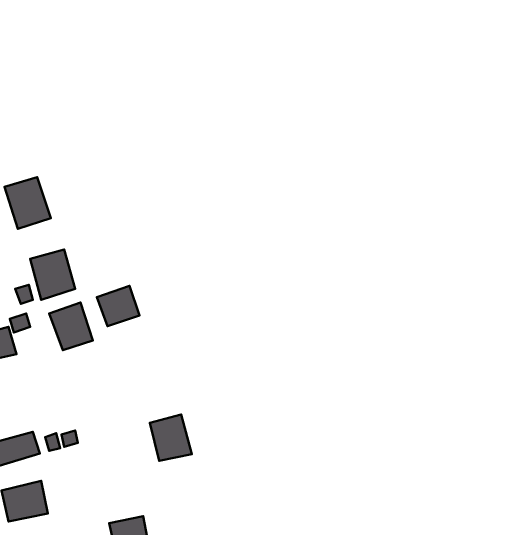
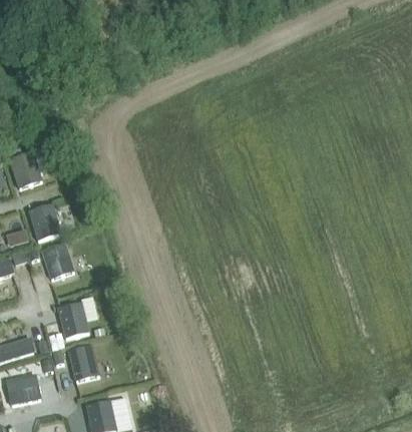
building: [97,286,140,326] -> none
building: none -> [58,302,88,336]
building: [150,415,192,461] -> [68,345,99,379]

